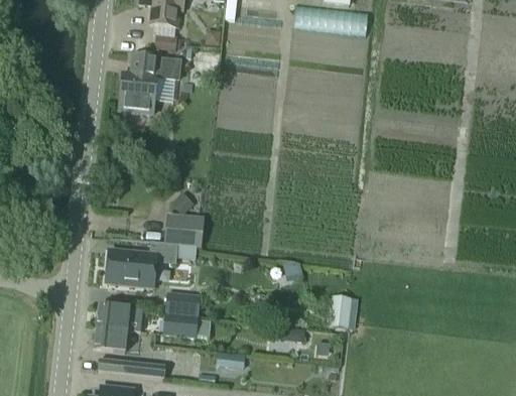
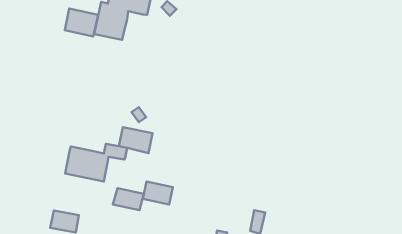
building: none -> [65,8,98,36]
building: [97,305,144,329] -> none
building: [164,311,199,336] -> [143,182,173,205]

